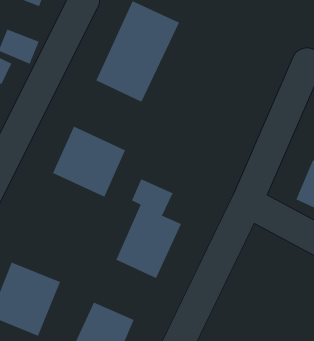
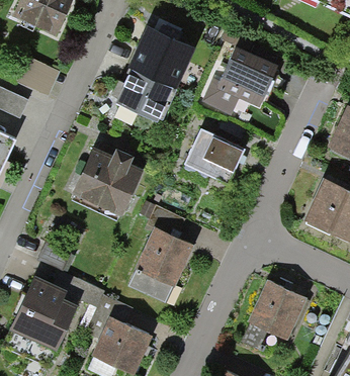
building: none -> [203,49,277,112]
building: none -> [183,131,242,187]
building: none -> [250,283,307,340]

